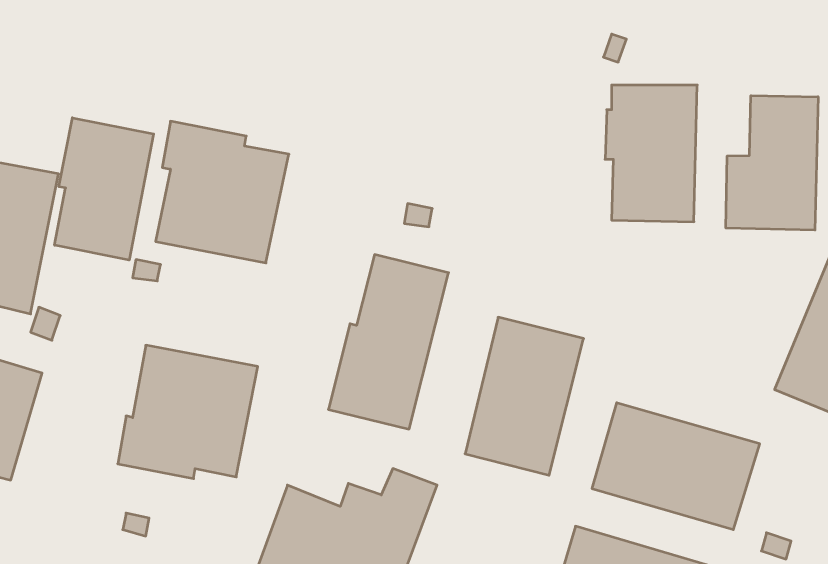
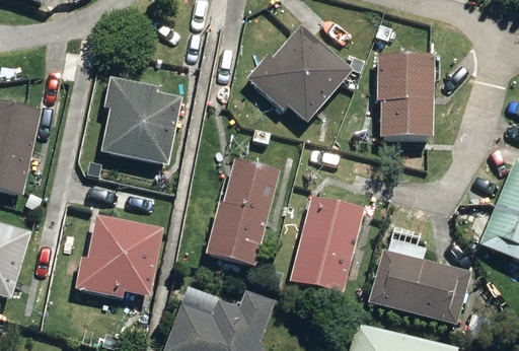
building: none -> [247,25,352,122]
building: [726,96,818,230] -> none
building: [55,118,154,260] -> none

